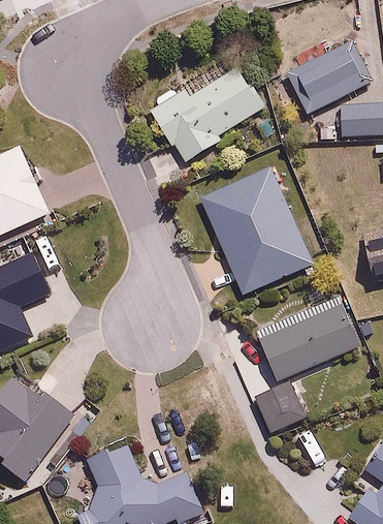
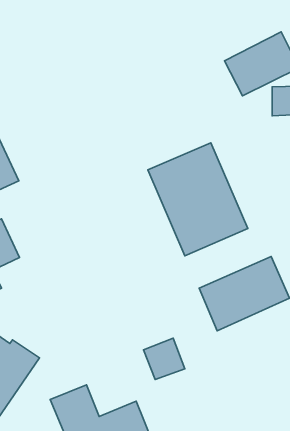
building: [148,66,263,160] -> none
building: [256,386,304,433] -> [143,338,185,380]

